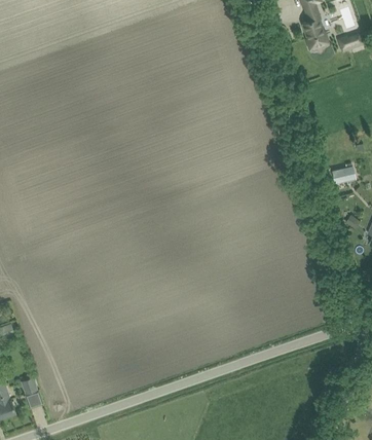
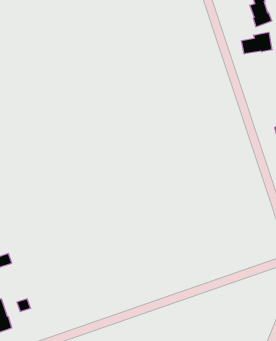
building: none -> [242,32,272,54]

